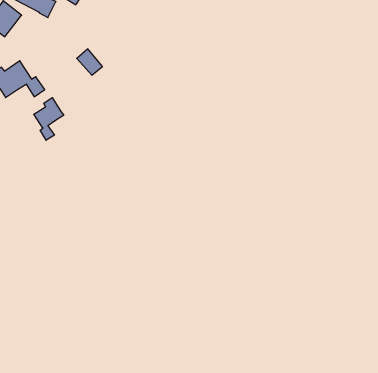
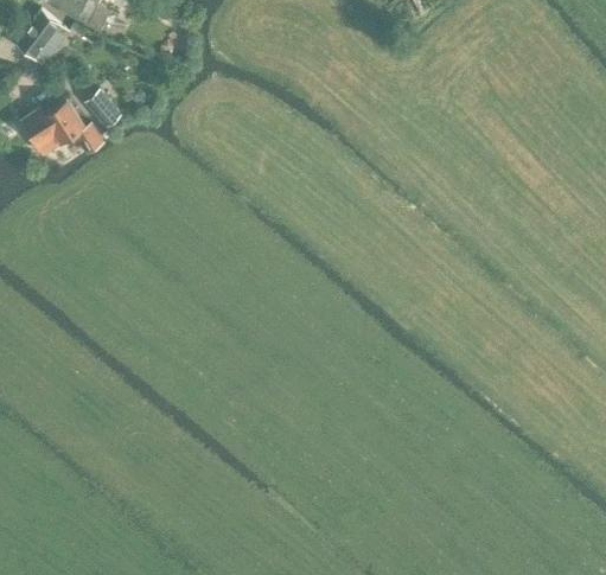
building: [77,49,102,75] -> [82,91,120,130]
building: [34,98,64,140] -> none

